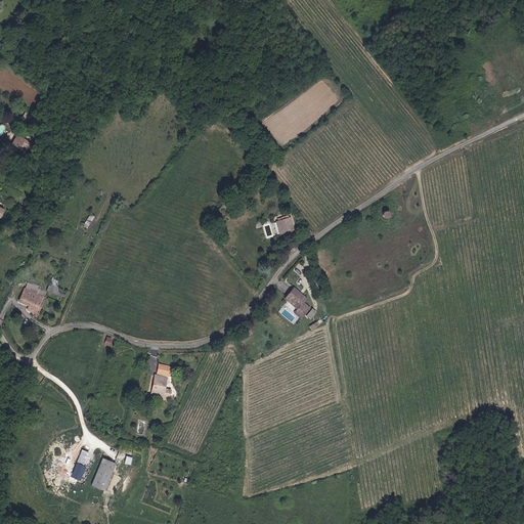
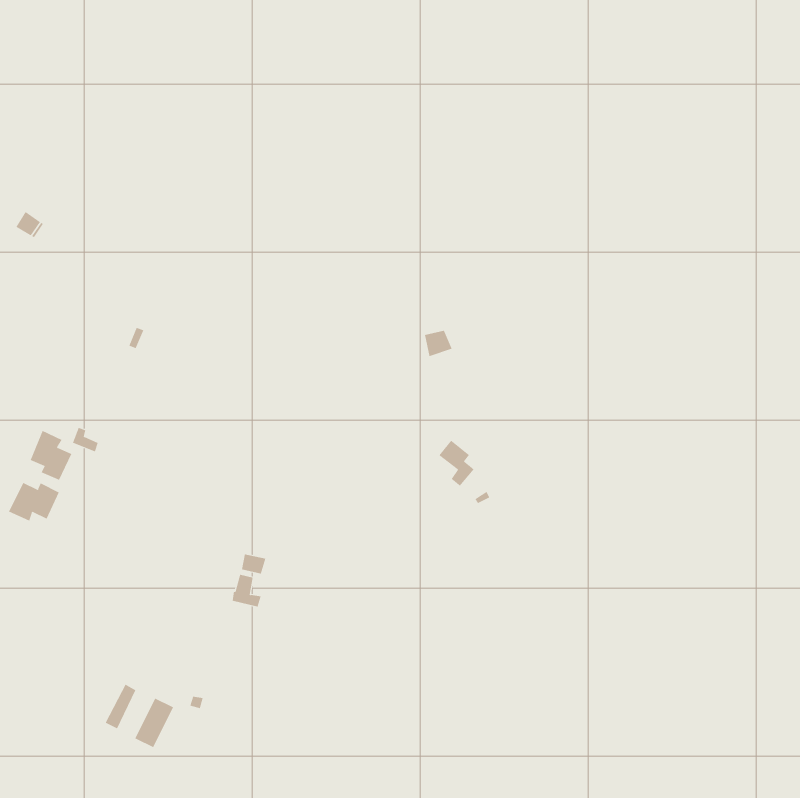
building: none -> [8,482,59,521]

